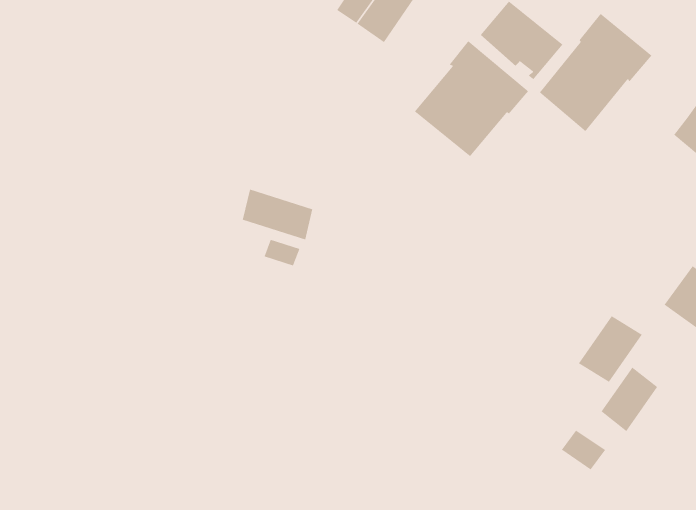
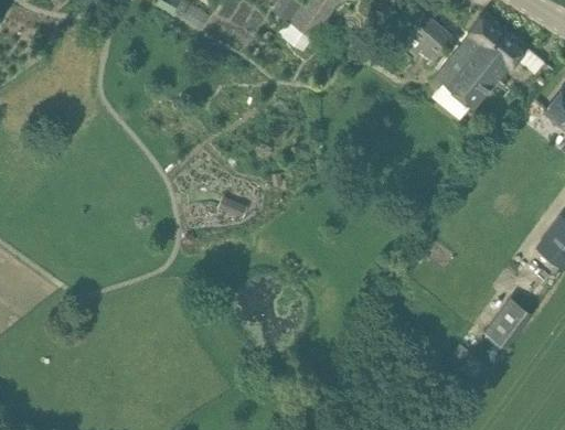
building: [414,40,529,157] -> none
building: [242,189,313,240] -> none
building: [578,315,643,383] -> none

